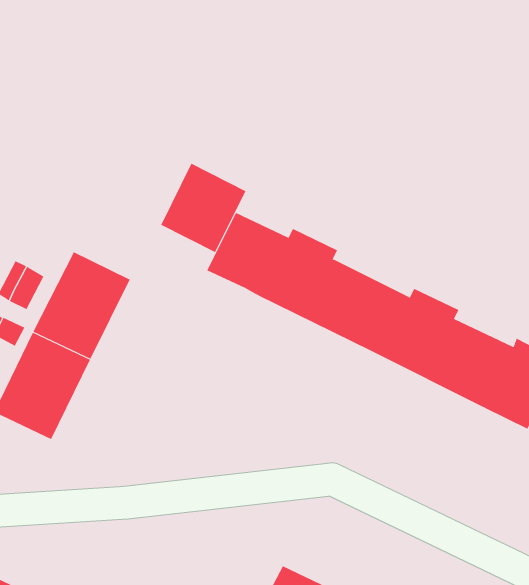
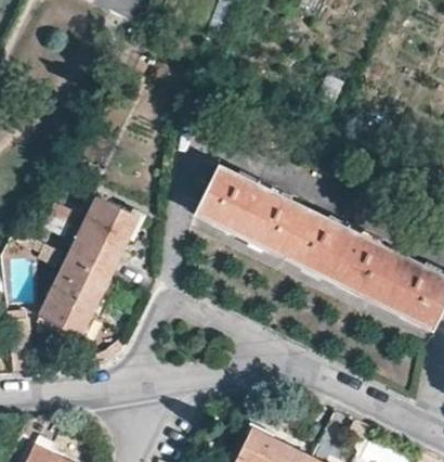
building: [160,163,246,253] -> none

